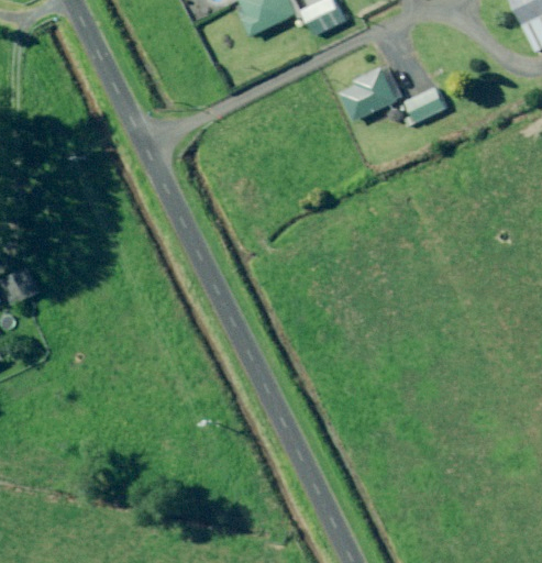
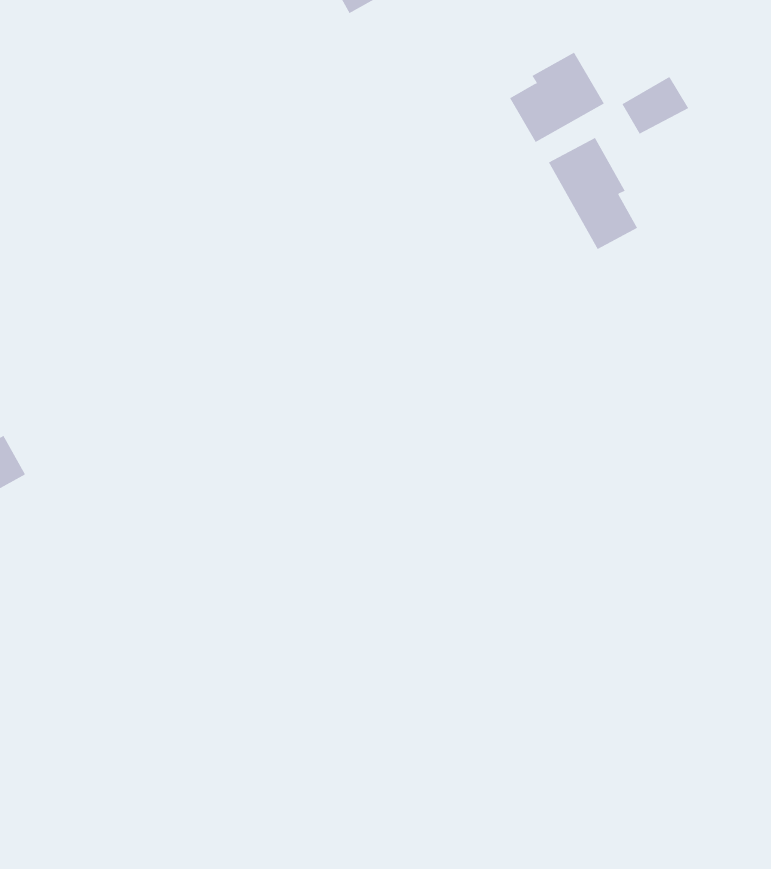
building: none -> [548,137,638,250]

